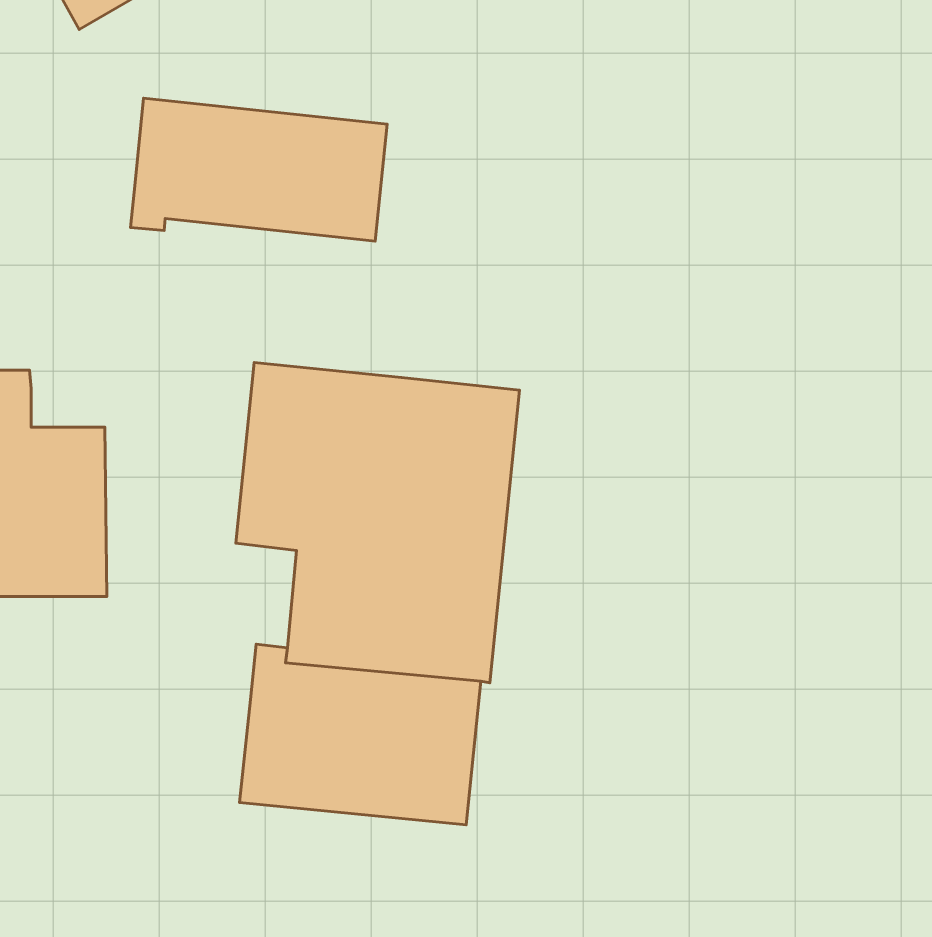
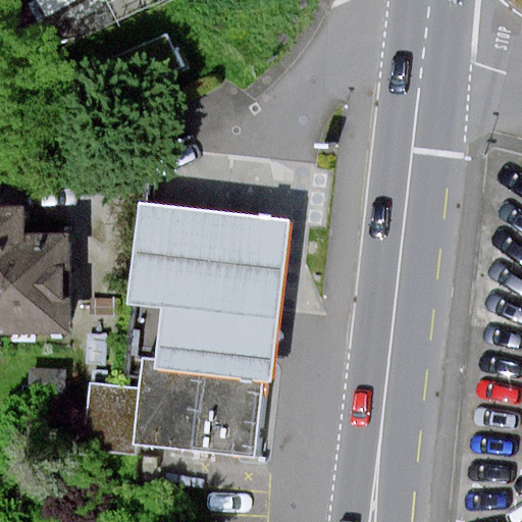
building: [130,98,387,241] -> none
building: none -> [81,381,139,455]

